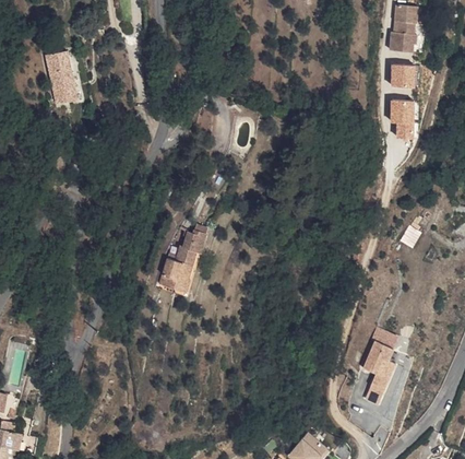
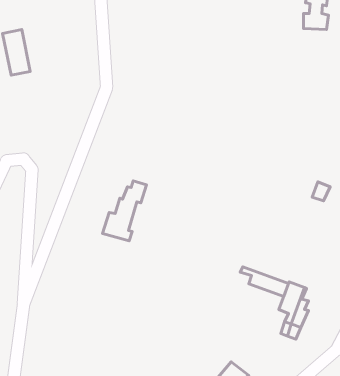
building: [390,63,417,86] -> none
building: [390,99,416,138] -> none
building: none -> [240,267,288,296]

